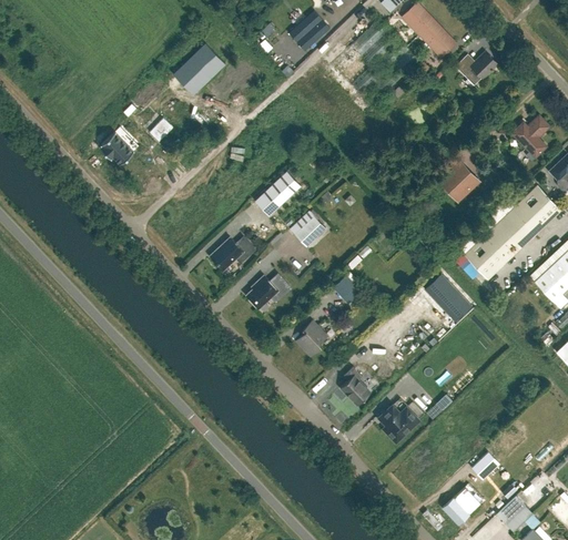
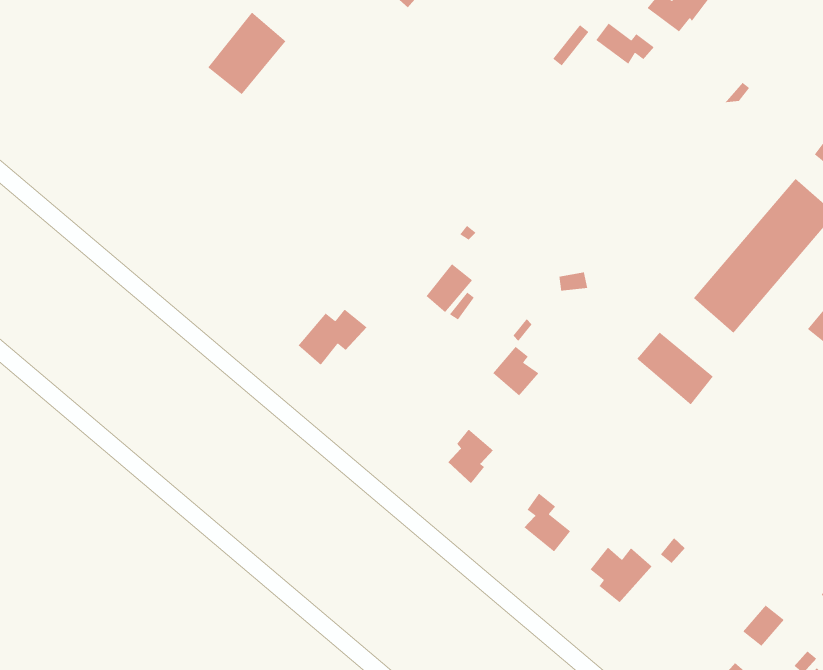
building: none -> [595,22,655,65]
building: [511,115,548,157] -> none
building: [100,132,133,164] -> none
building: [438,161,478,201] -> none
building: [255,171,301,215] -> none
building: [246,273,292,308] -> none

